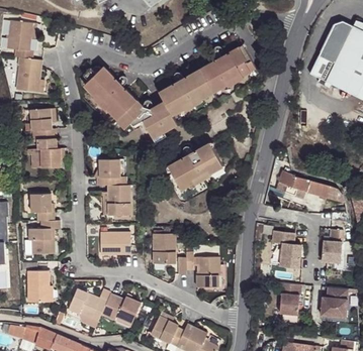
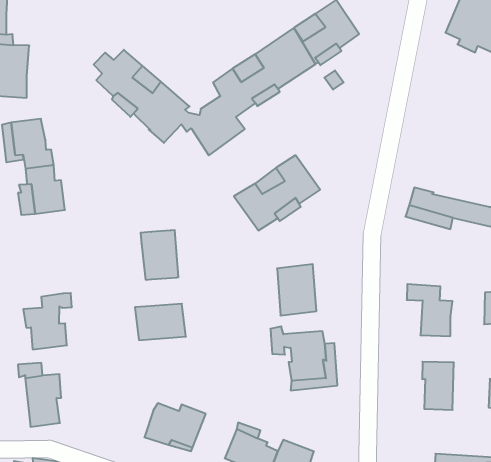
building: [95,159,118,186] -> none
building: [28,194,53,222] -> none
building: [151,233,174,264] -> [277,264,316,315]
building: [65,290,105,324] -> none

